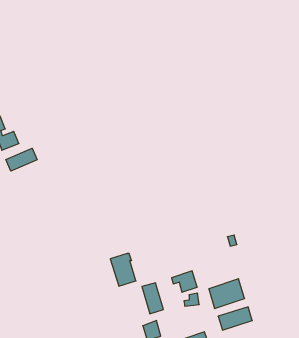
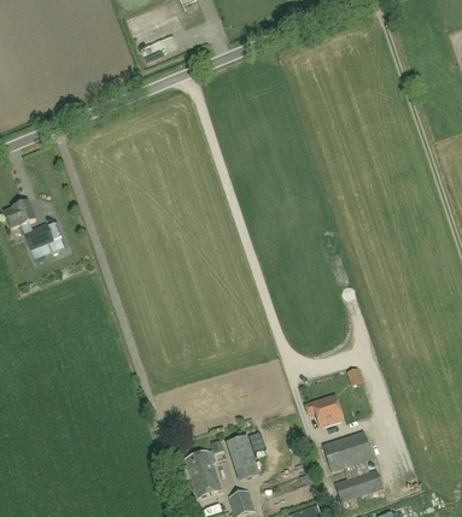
building: [6,148,37,171] -> none
building: [110,254,136,286] -> [186,451,222,497]
building: [172,271,197,292] -> [306,395,343,425]

